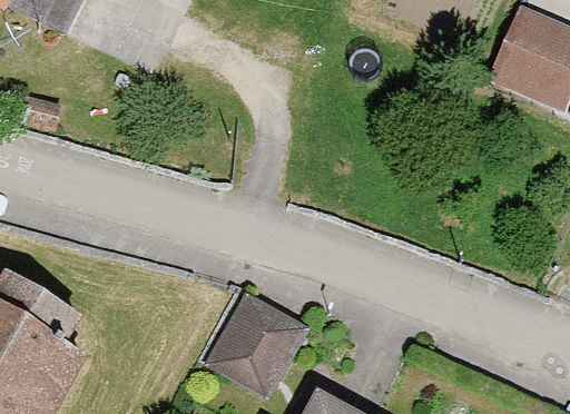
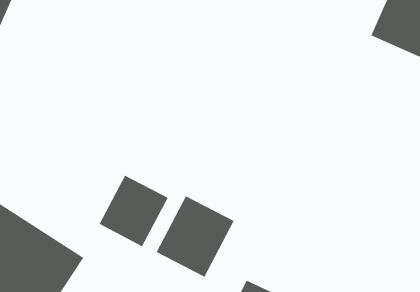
building: none -> [99,175,168,247]

